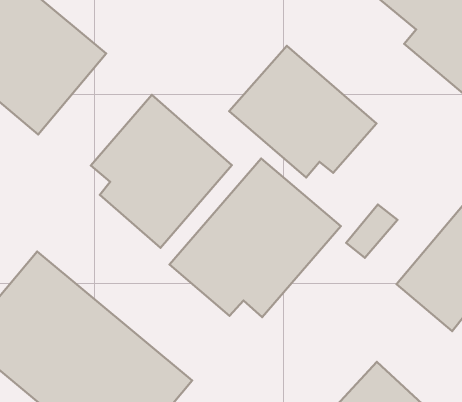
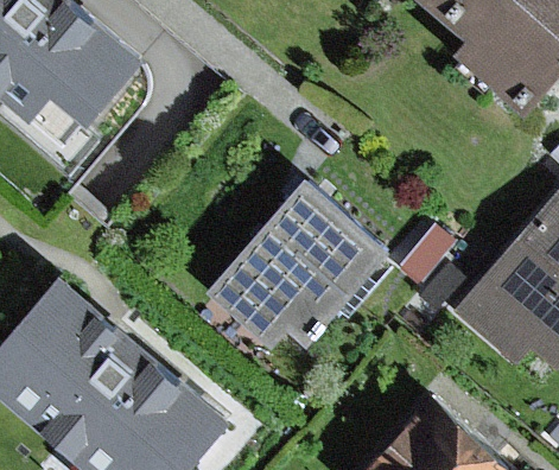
building: [229,46,376,177] -> none
building: [91,95,232,248] -> none

